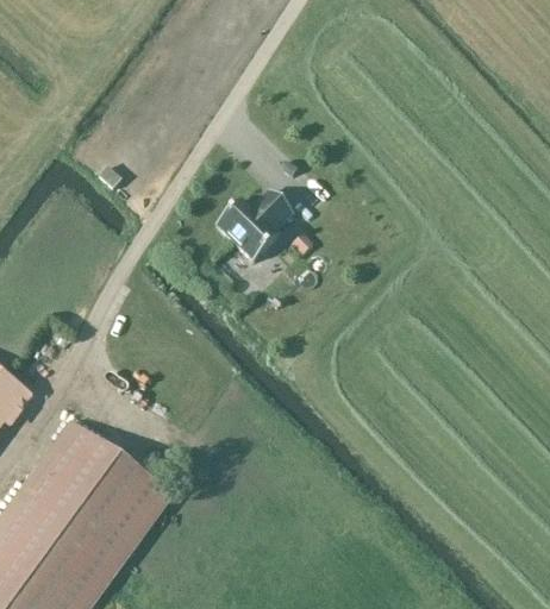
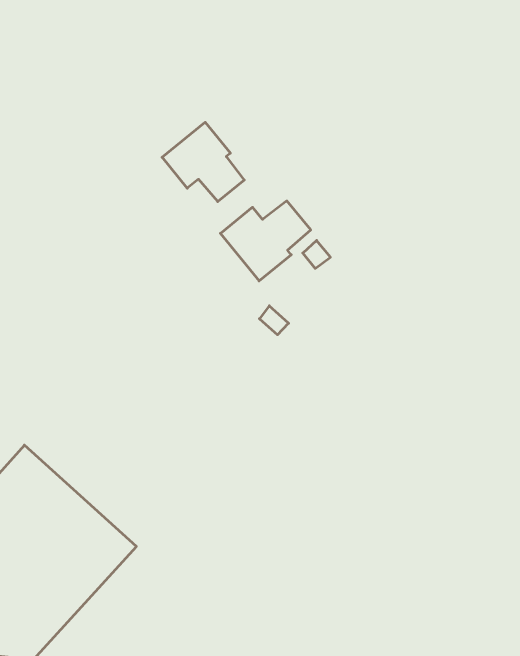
building: none -> [162,122,244,202]

